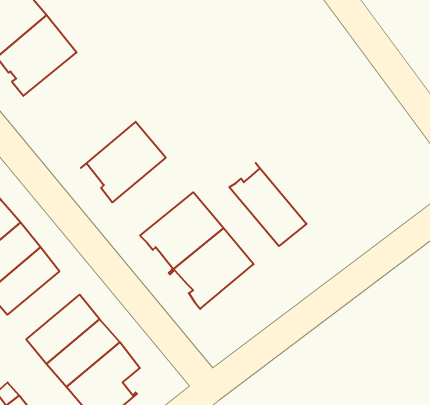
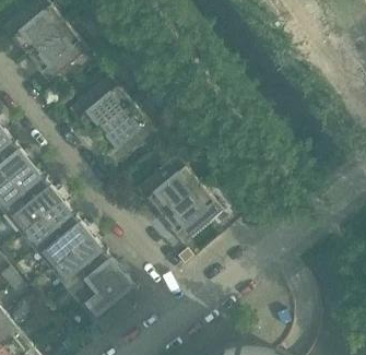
building: none -> [71,78,134,140]
building: [229,163,307,246] -> none
building: none -> [37,218,92,270]

